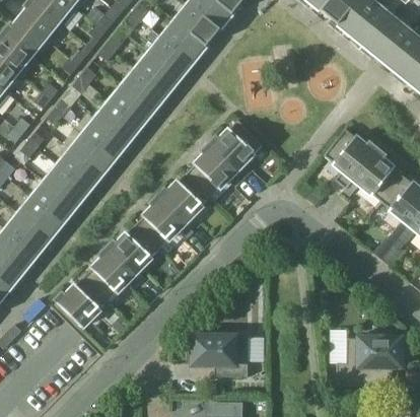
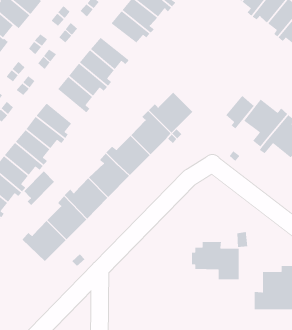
building: [149,36,193,80] -> none
building: [83,116,132,157] -> none
building: none -> [225,95,255,129]
building: none -> [23,171,55,206]
building: [189,328,248,375] -> [191,241,239,280]

